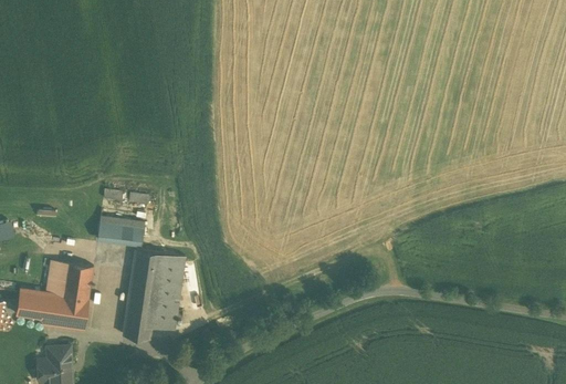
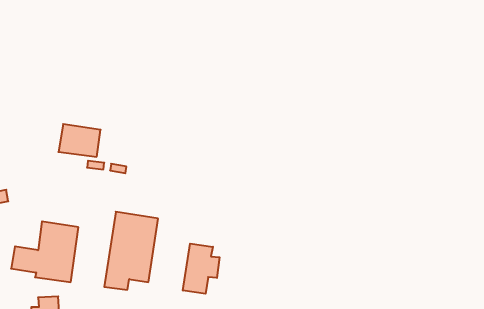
building: [97,209,146,247] -> [58,124,101,157]
building: none -> [183,244,220,294]

